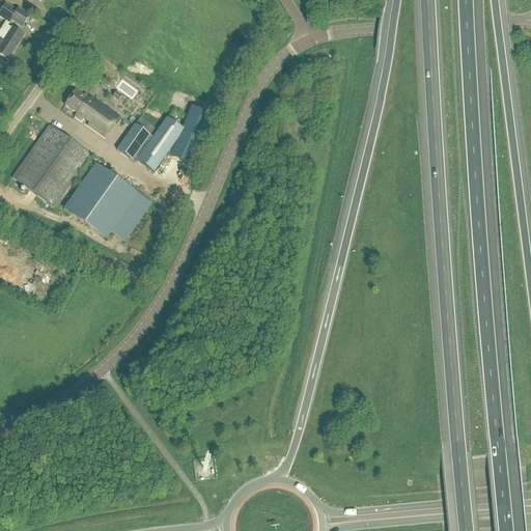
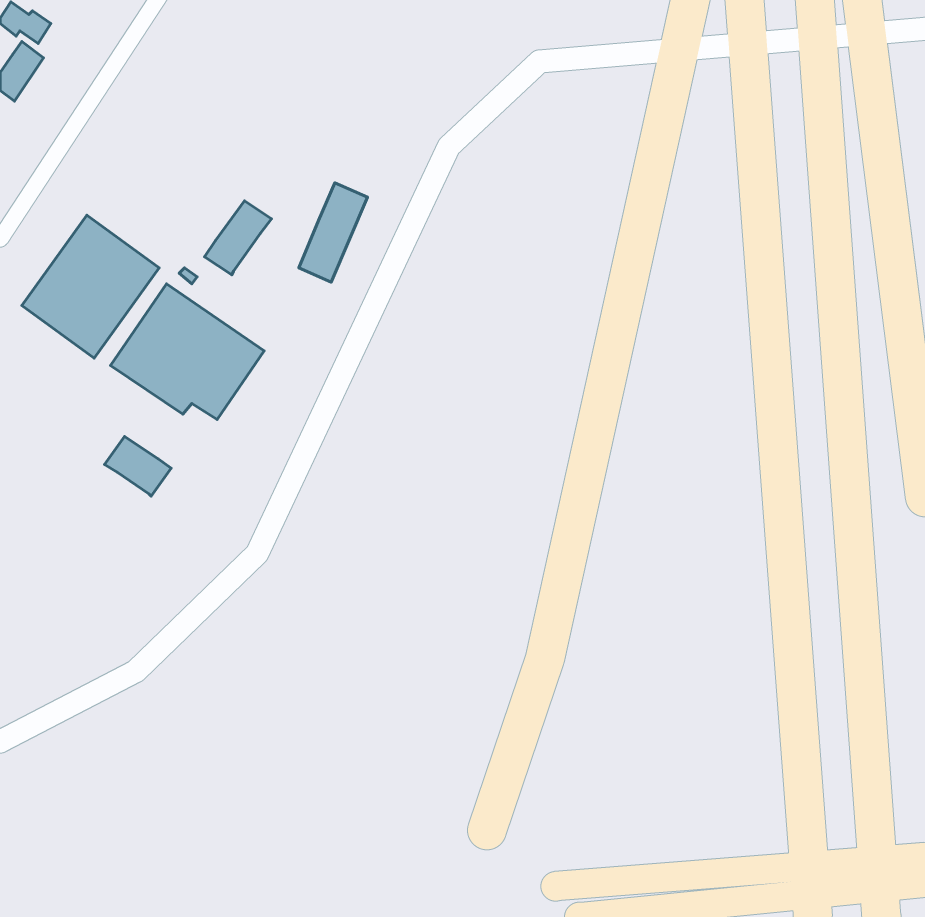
building: [65,87,119,135] -> none
building: [136,115,183,170] -> none
building: none -> [105,436,171,496]

